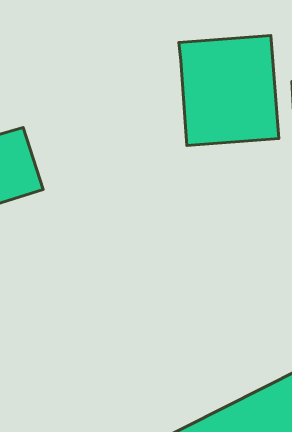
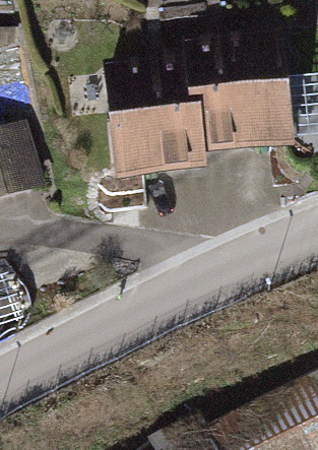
building: none -> [104,64,194,175]

